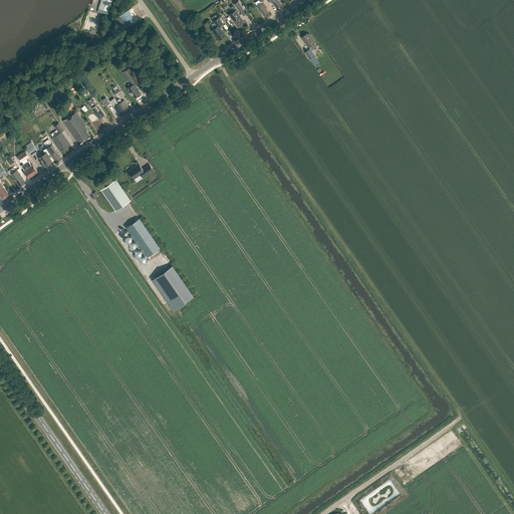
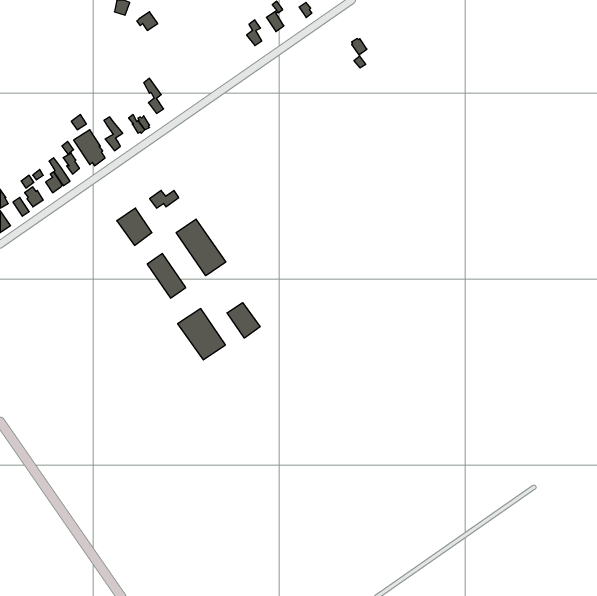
building: none -> [176,219,226,276]
building: none -> [227,303,260,338]

